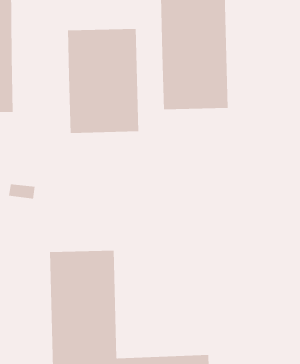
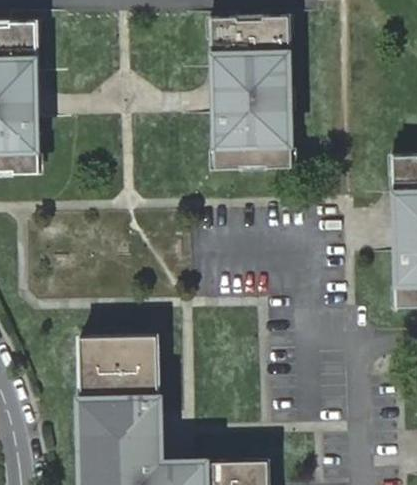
building: [67,28,139,134] -> none

